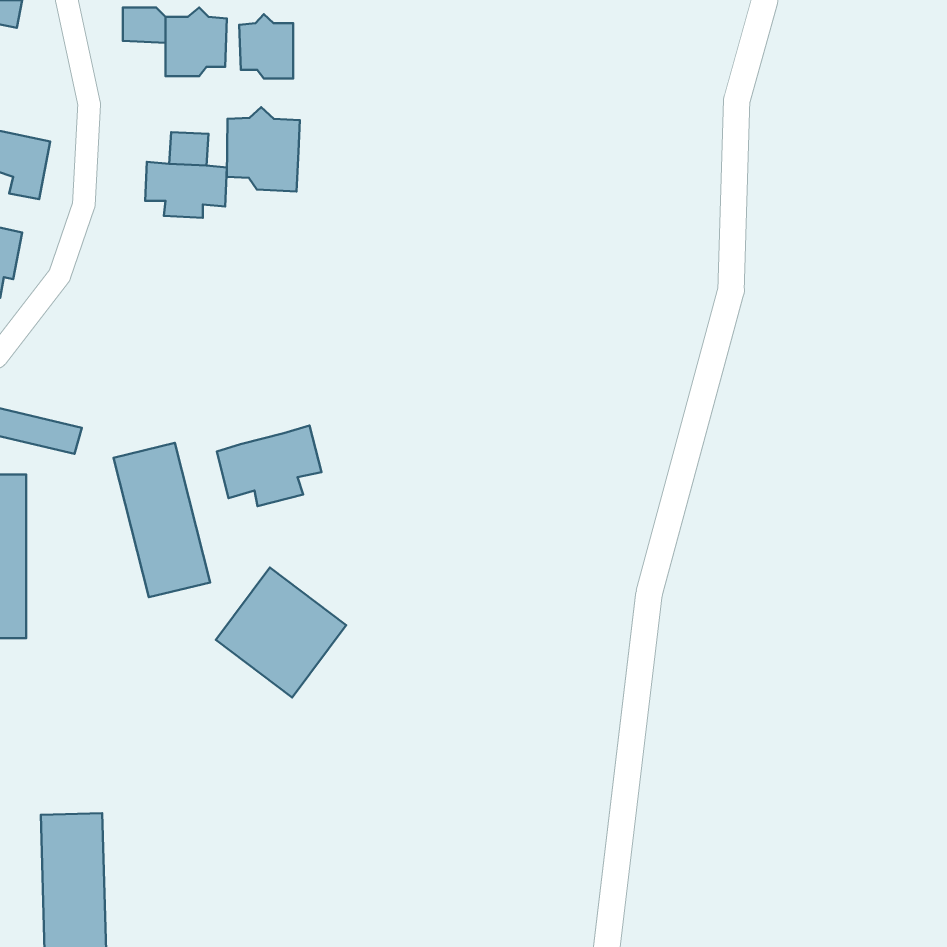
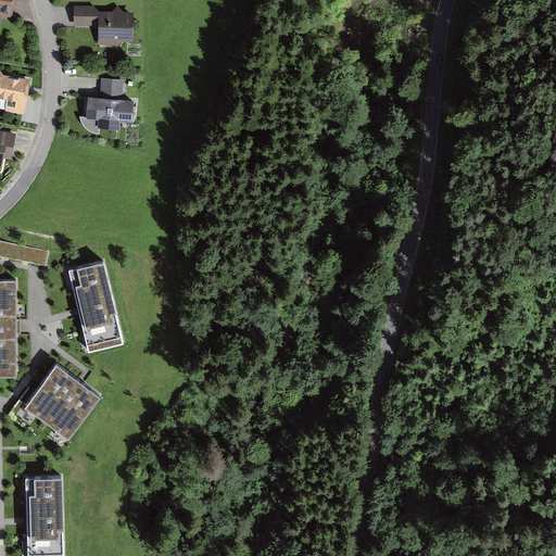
building: [239,14,293,79] -> none
building: [227,107,300,191] -> none
building: [217,426,321,506] -> none
building: [216,567,346,698] -> [23,362,99,438]

